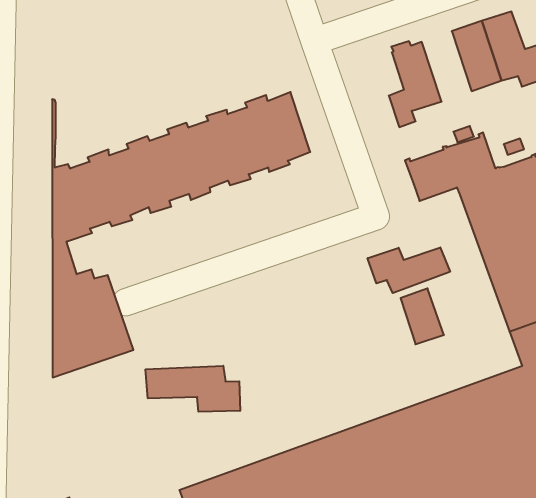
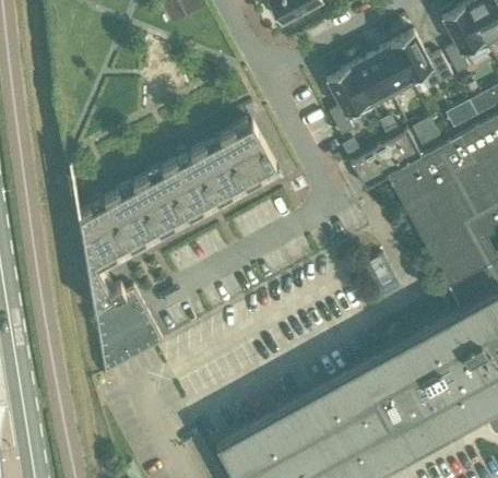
building: none -> [347,56,392,111]
building: [368,247,450,293] -> none
building: [146,366,240,412] -> none

